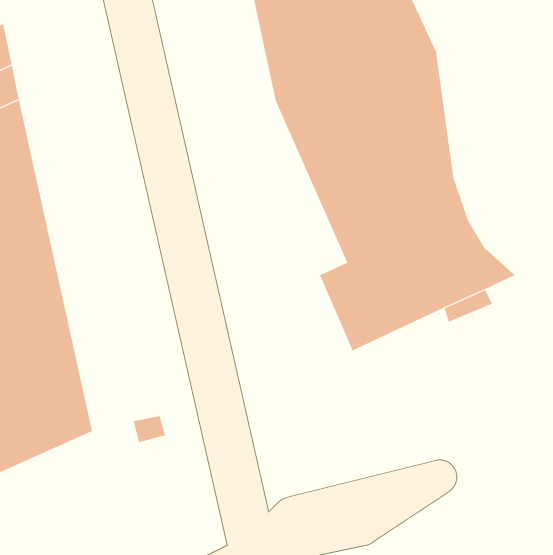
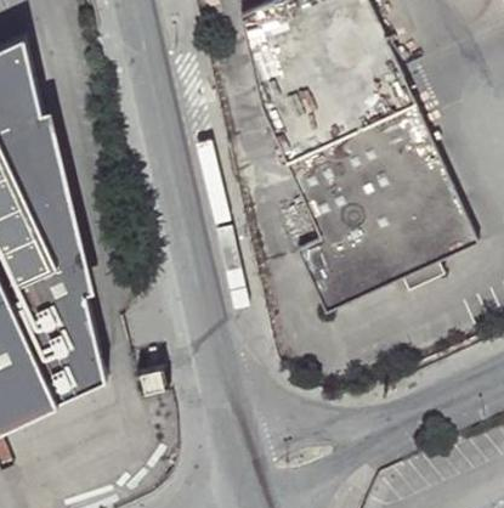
building: none -> [393,57,476,247]

